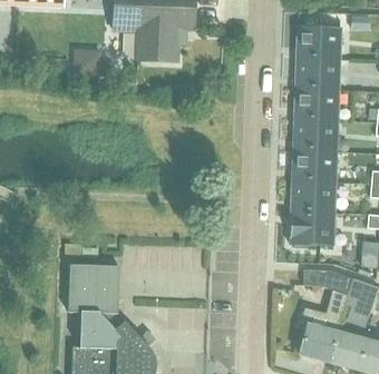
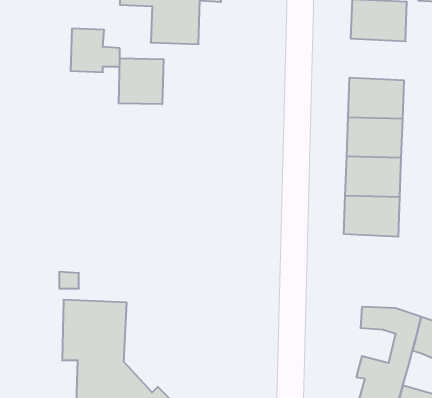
building: [295,56,340,89] -> none
building: none -> [119,58,163,104]
building: [290,210,334,247] -> none

